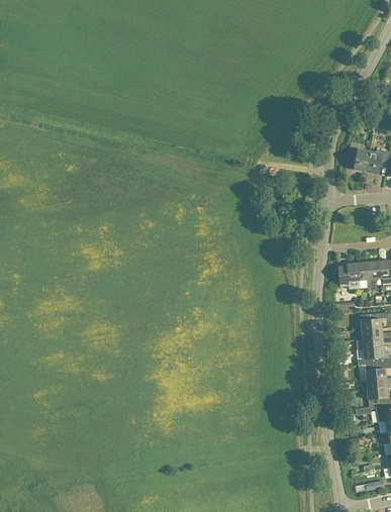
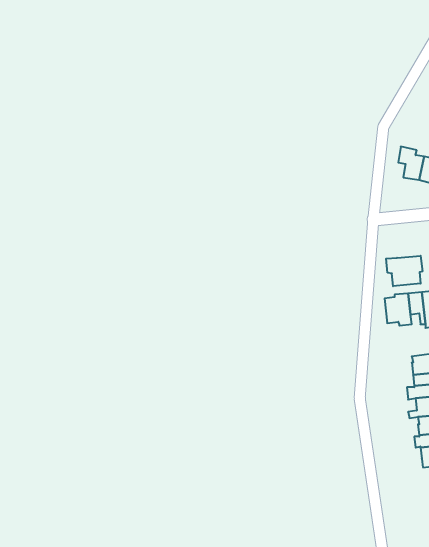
building: none -> [386,256,422,286]

